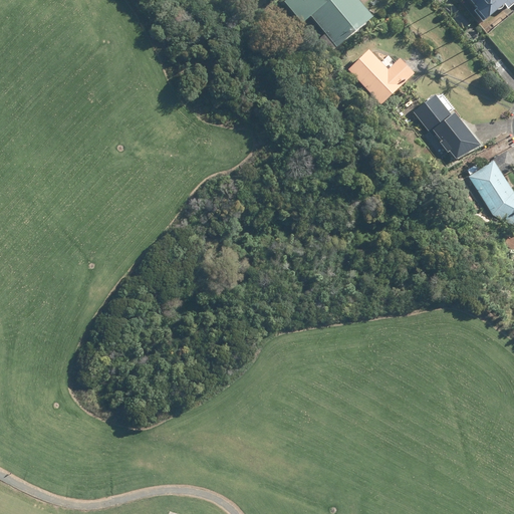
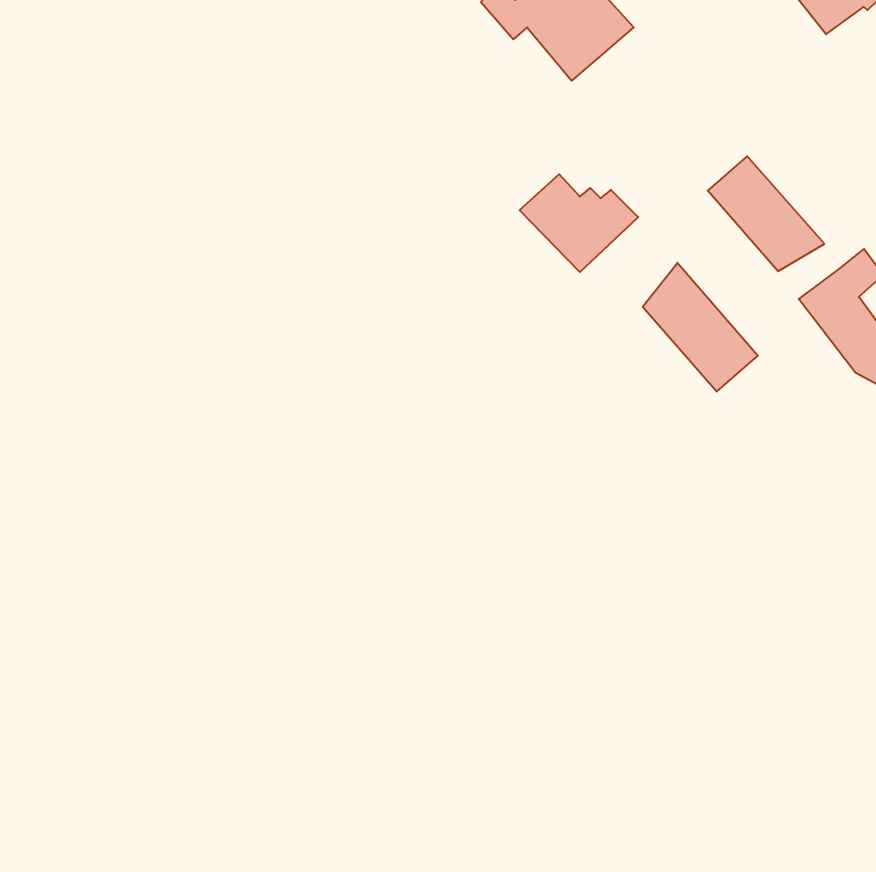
building: [344,48,414,105] -> [520,174,638,272]
building: none -> [643,263,758,392]

